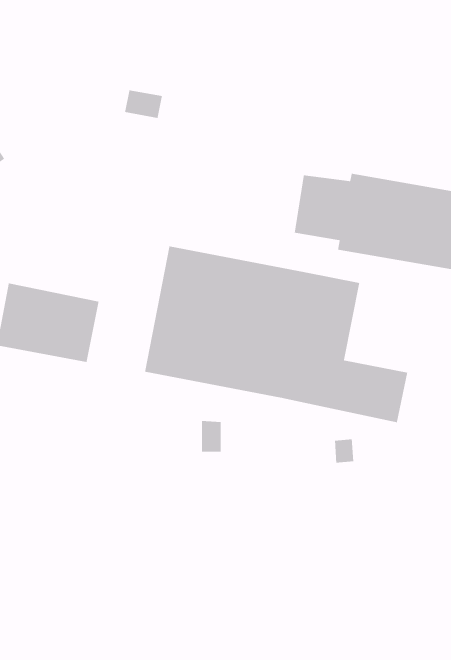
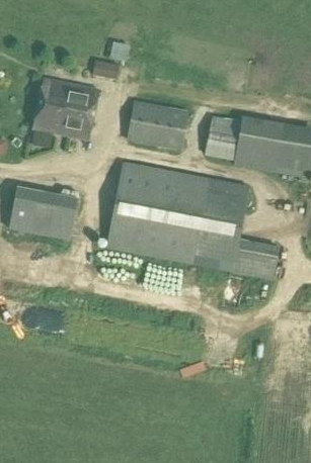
building: none -> [32,78,97,134]
building: none -> [128,101,187,149]

